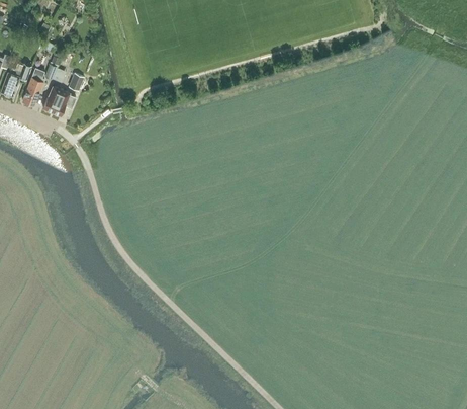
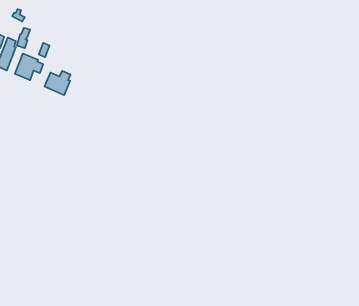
building: none -> [45,71,71,95]

